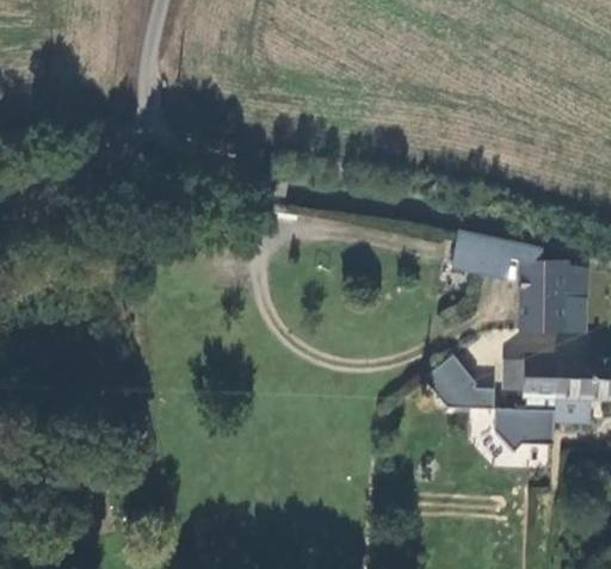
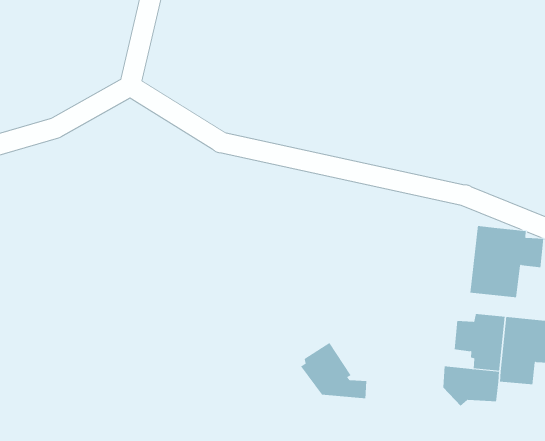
building: [451,230,547,279] -> none
building: [425,352,496,409] -> [300,342,367,399]

